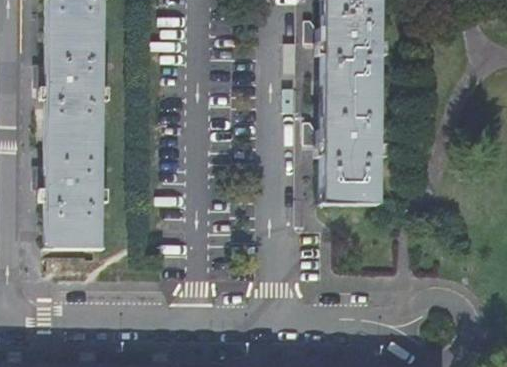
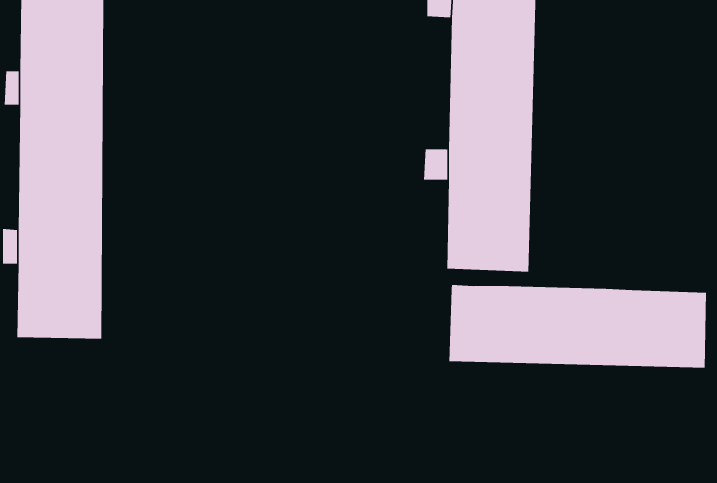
building: none -> [449,284,706,368]

